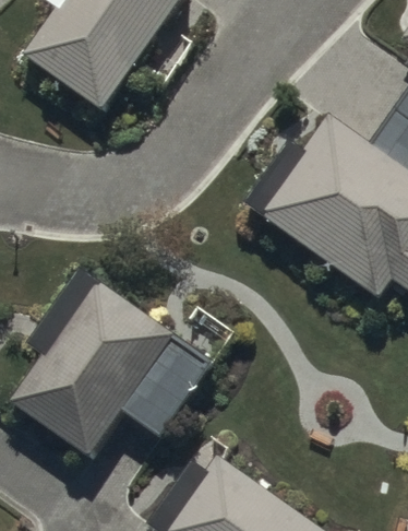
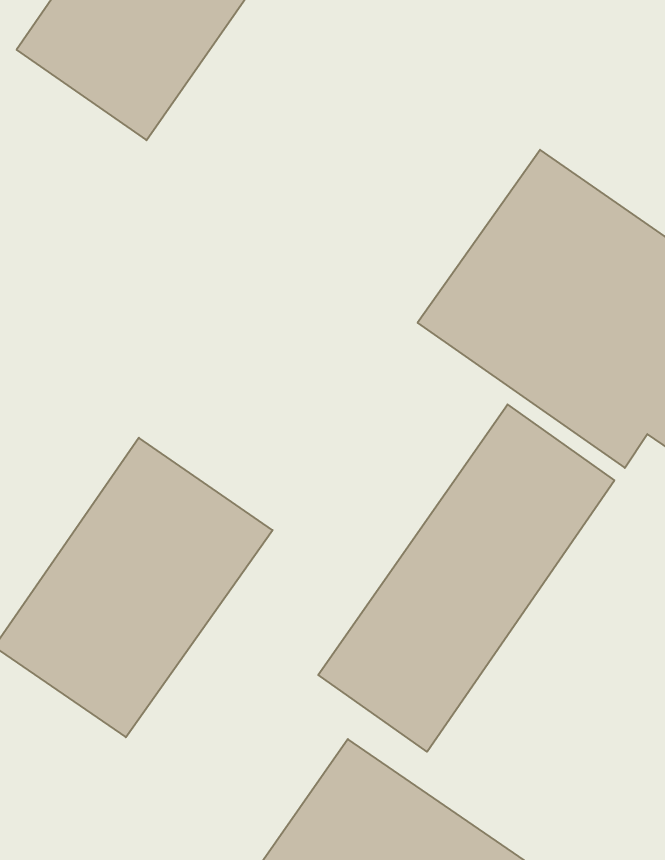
building: none -> [318,404,614,752]

